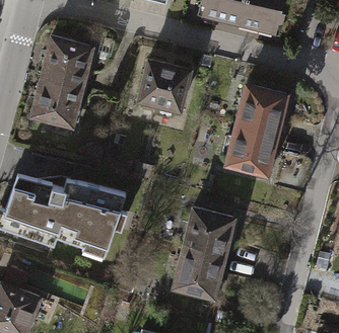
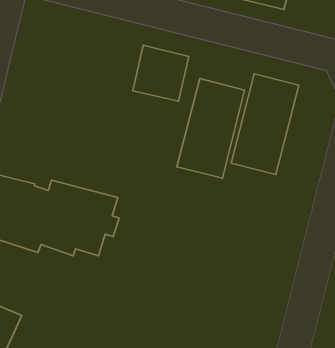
building: [30,35,90,126] -> none
building: [172,209,231,297] -> [177,79,244,178]

